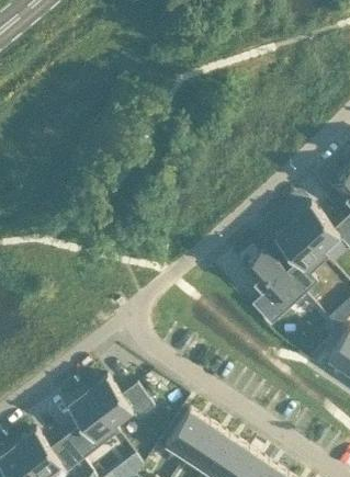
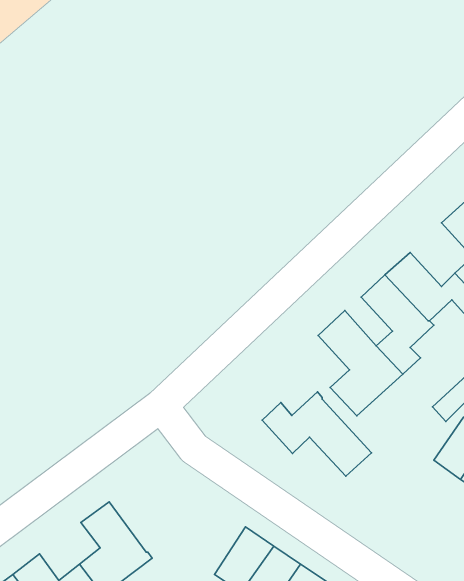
building: none -> [262,392,371,476]
building: [86,375,153,427] -> none

